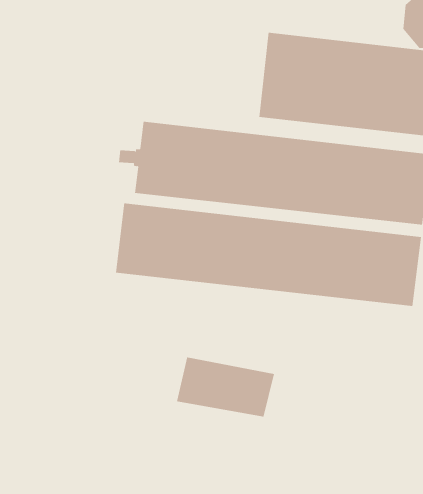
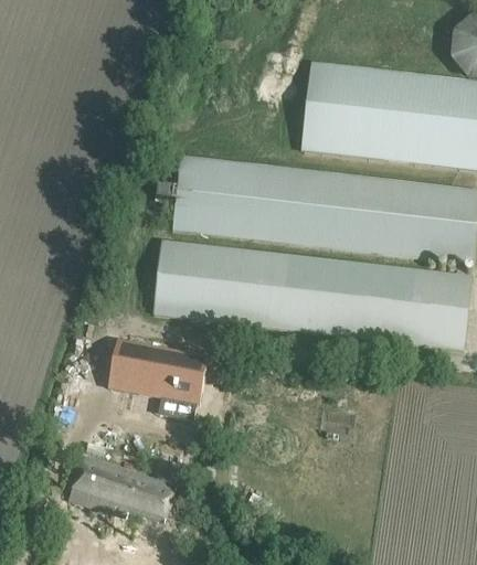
building: [176,357,275,417] -> [104,337,206,399]
building: none -> [67,456,176,521]

